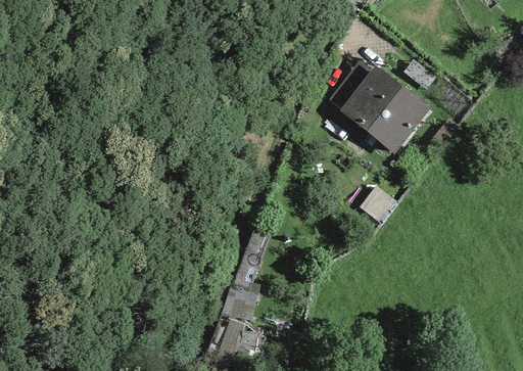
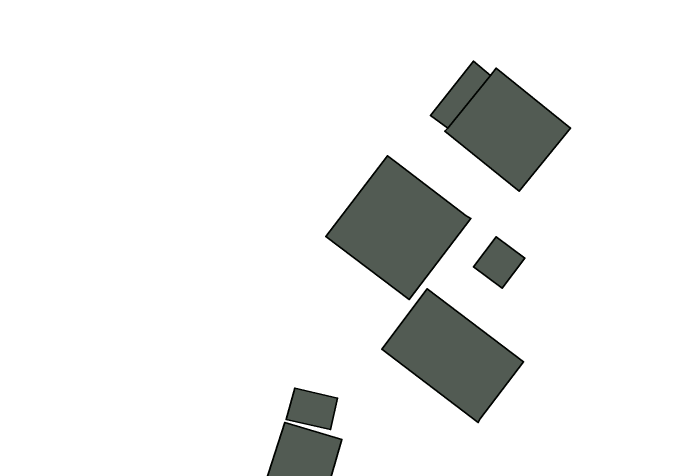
building: none -> [326,156,471,299]
building: none -> [382,289,523,423]

